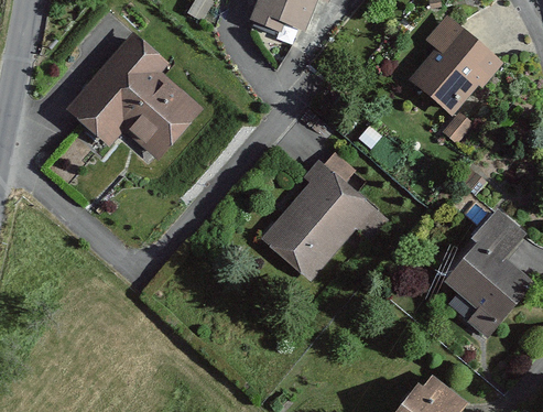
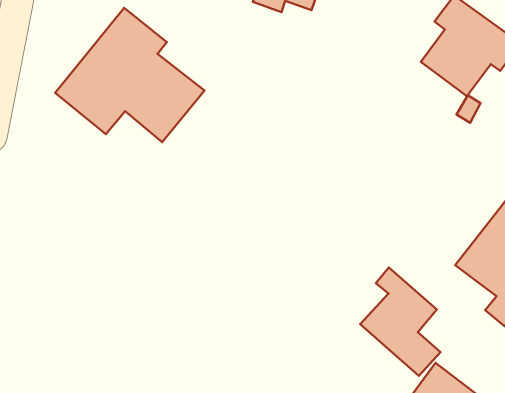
building: [264,158,390,277] -> none
building: none -> [360,268,441,376]

